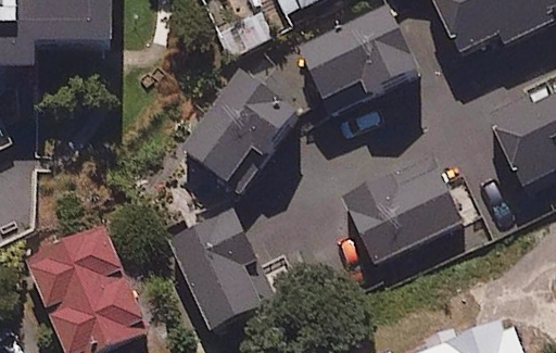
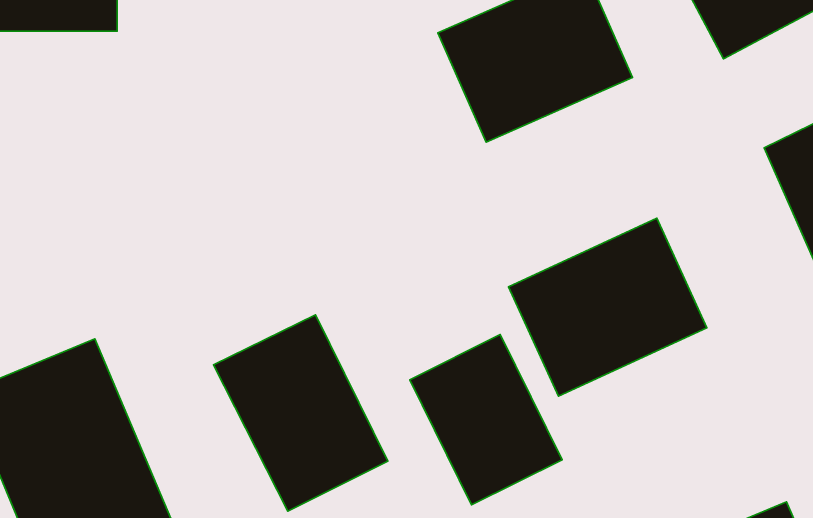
building: [179,75,294,197] -> none
building: none -> [410,335,562,505]

